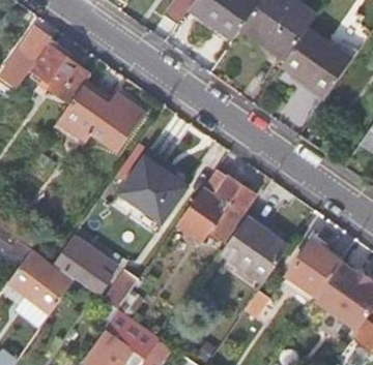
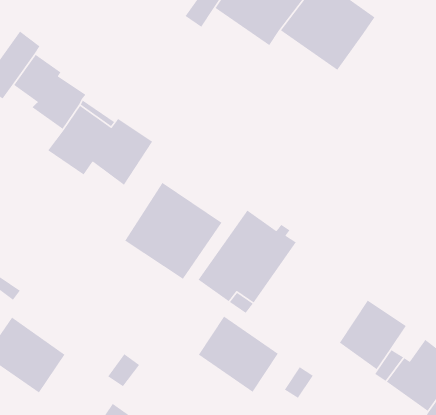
building: [283,29,351,92] -> none
building: [222,219,286,280] -> [198,316,279,393]
building: [53,237,111,293] -> none

